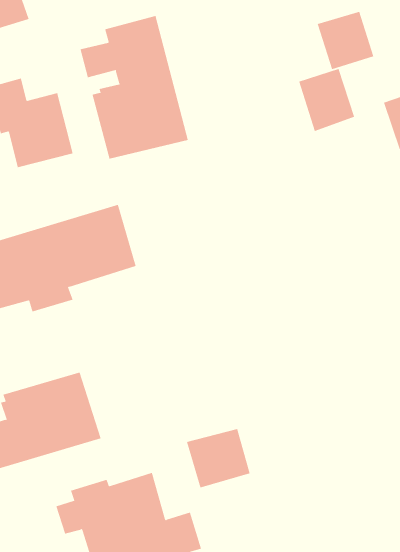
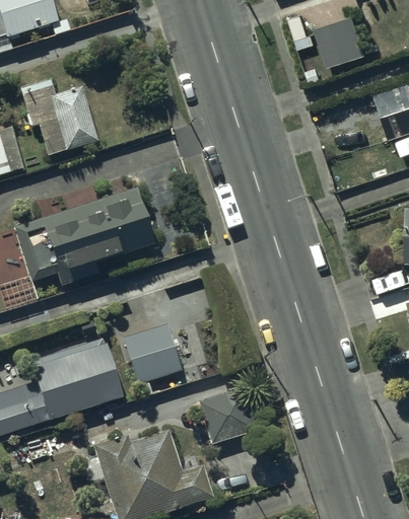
building: [80,15,188,160] -> none
building: [299,68,355,132] -> none
building: none -> [124,325,182,383]

